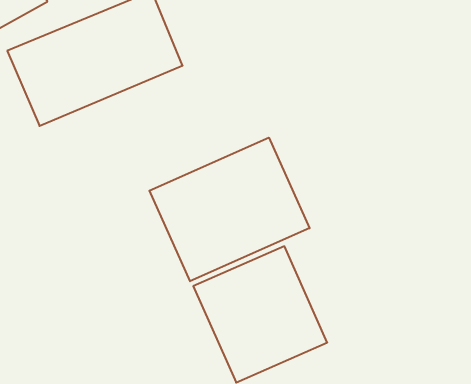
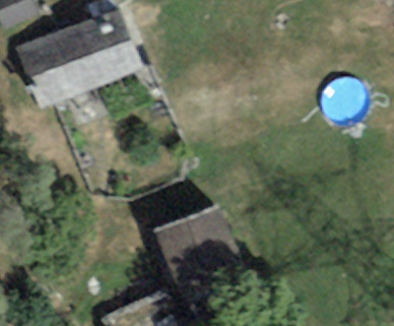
building: [149,138,310,281] -> none

